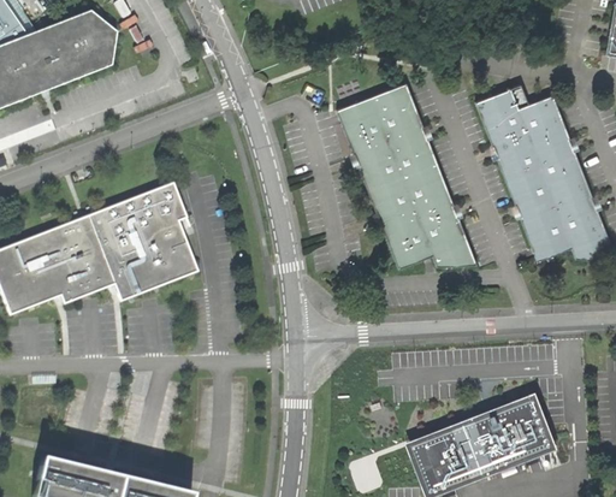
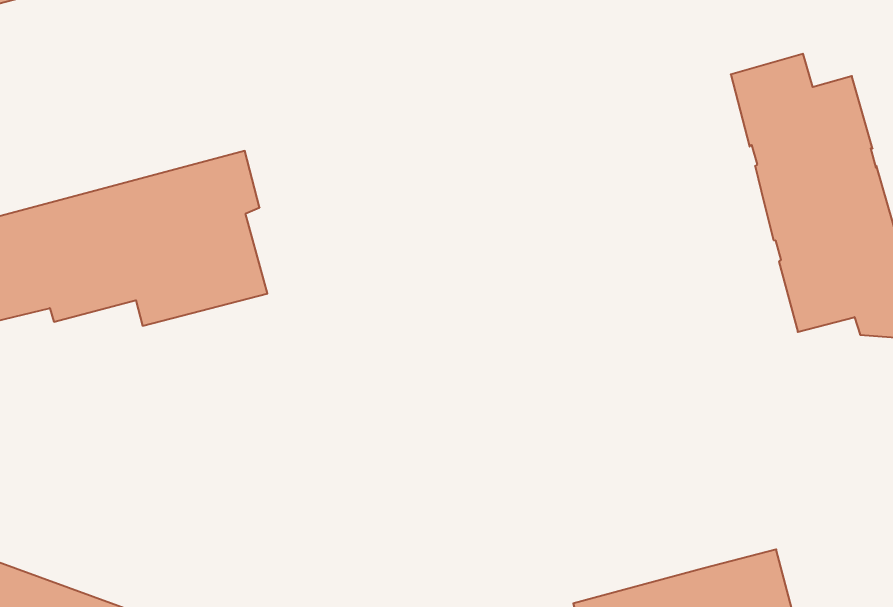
building: [336,82,478,268] -> none

